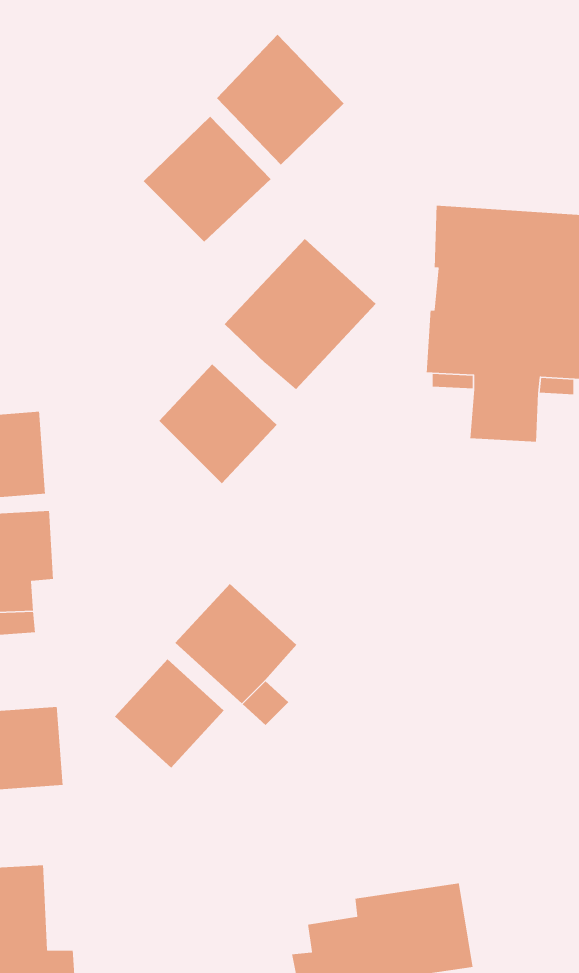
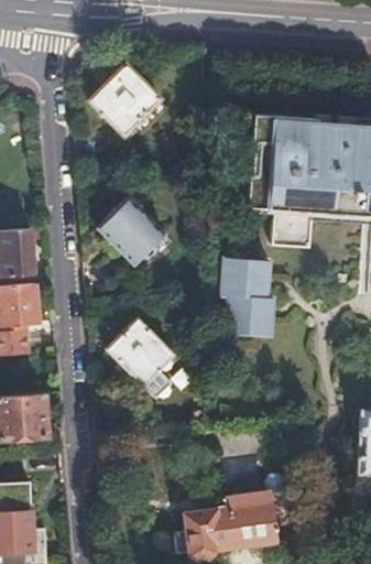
building: [216,34,345,165] -> none
building: [224,238,377,390] -> none
building: none -> [221,259,274,337]
building: [114,659,225,768] -> none

